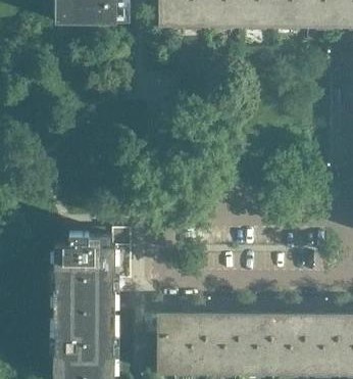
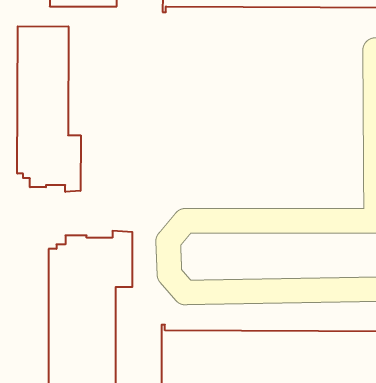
building: none -> [17,26,81,192]

